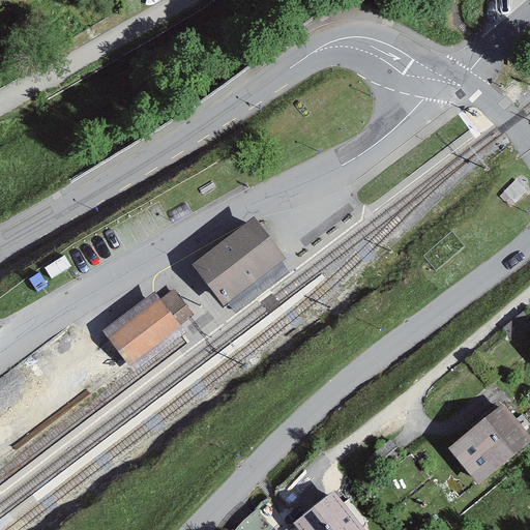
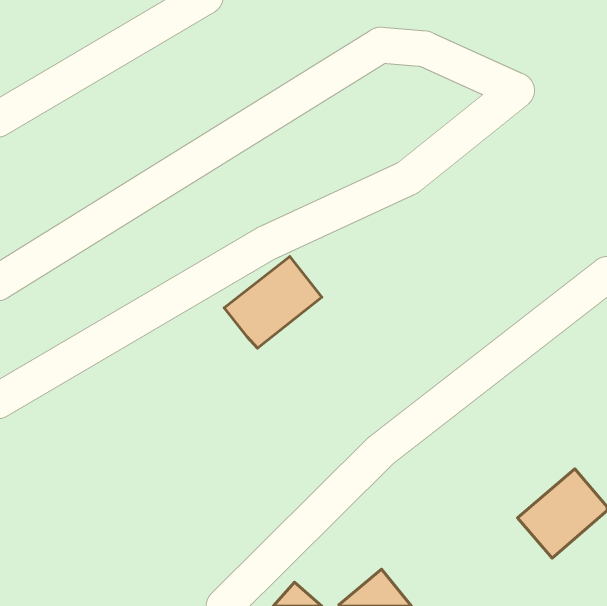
building: [109,288,188,358] -> none

